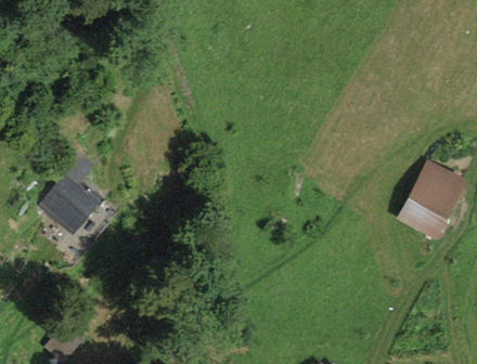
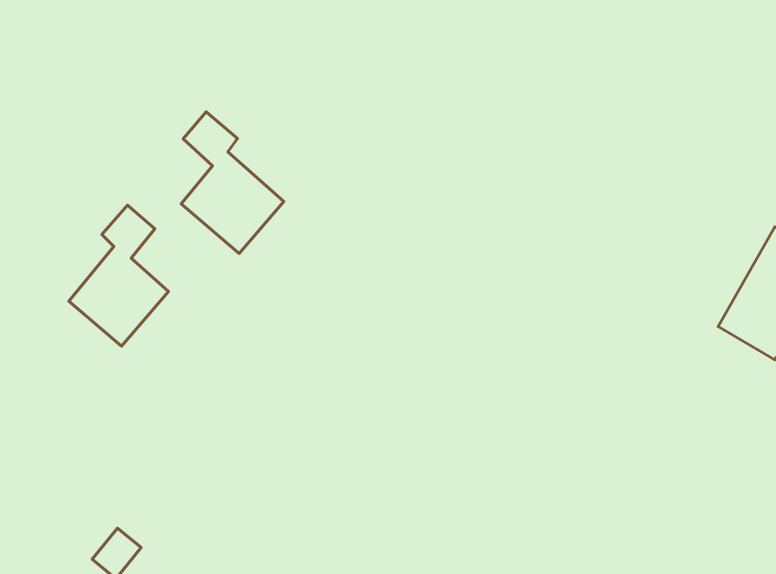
building: none -> [181,112,284,254]

